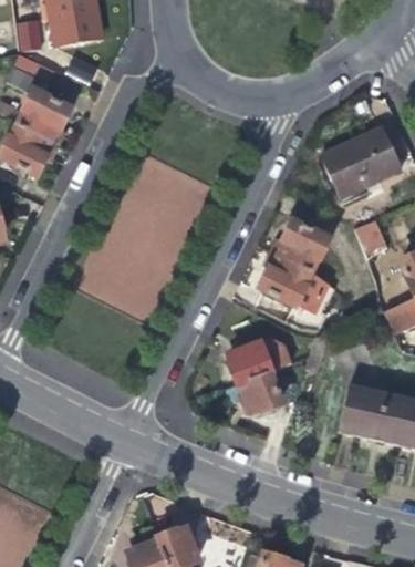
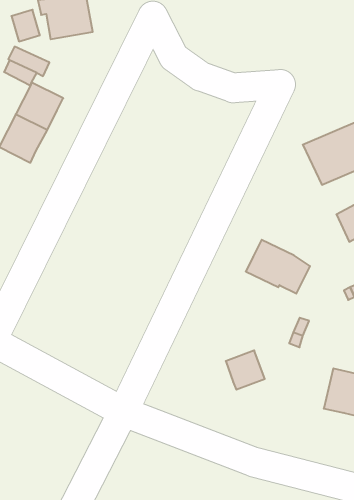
building: [278,220,328,270] -> none
building: [229,334,292,381] -> none

